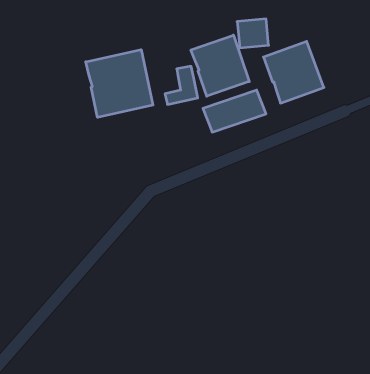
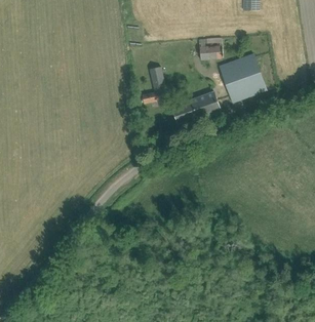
building: [191,35,249,96] -> none
building: [86,50,153,117] -> none

